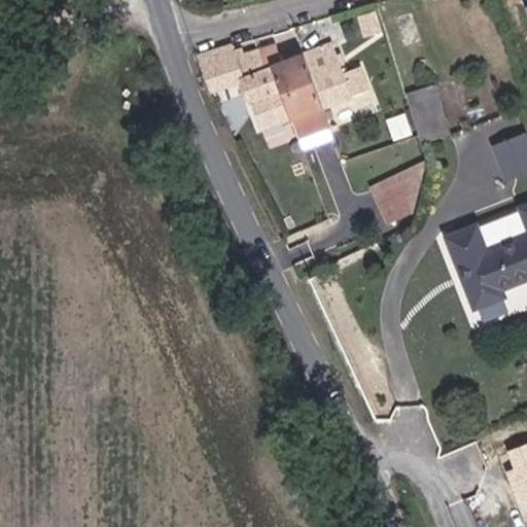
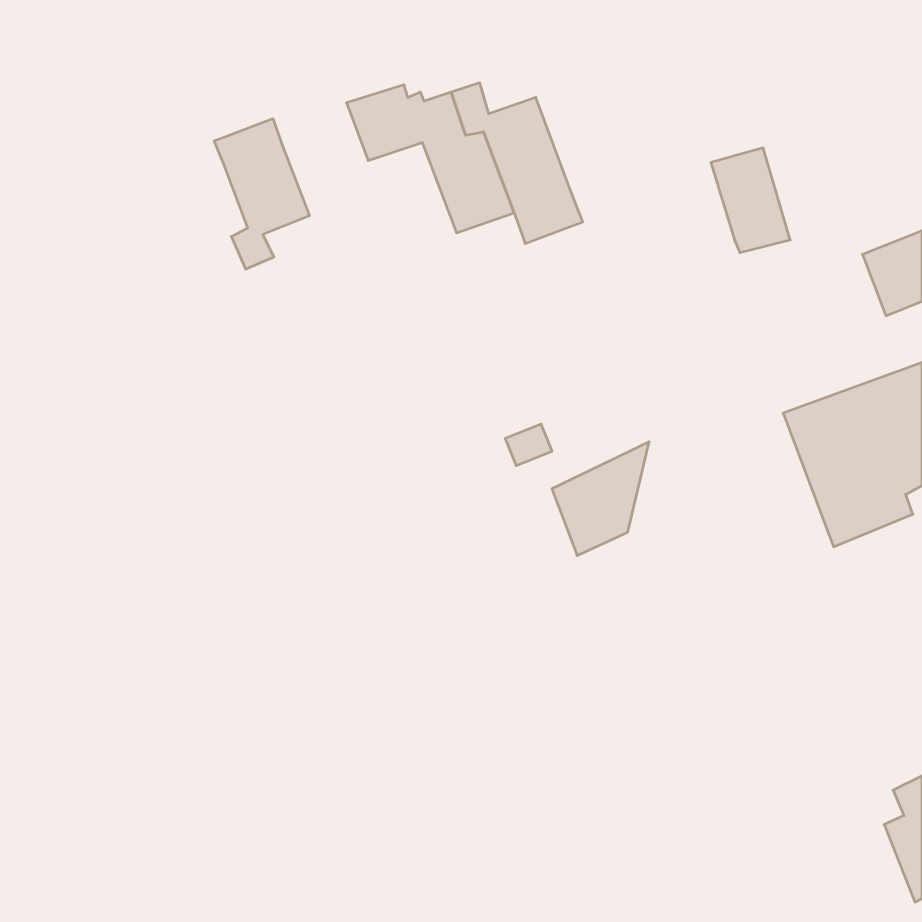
building: [306,45,370,108] -> none
building: none -> [214,119,309,269]
building: [372,161,427,225] -> [552,442,649,556]

